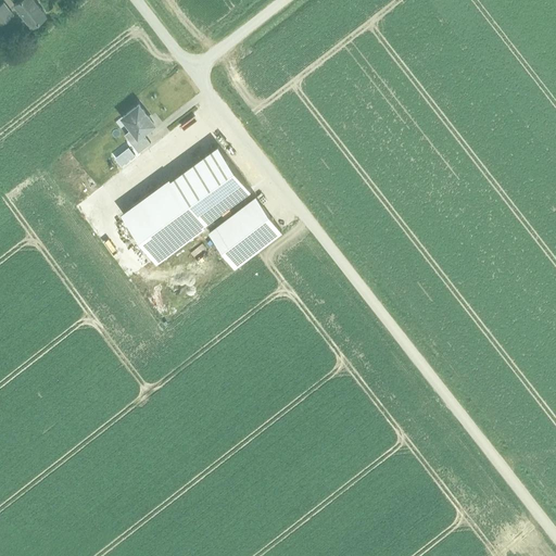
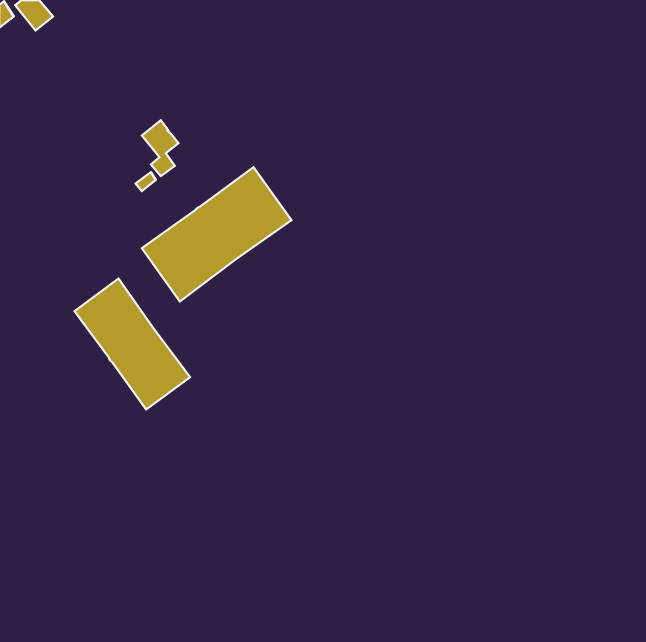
building: [207,200,280,270] -> none
building: none -> [74,279,190,410]

